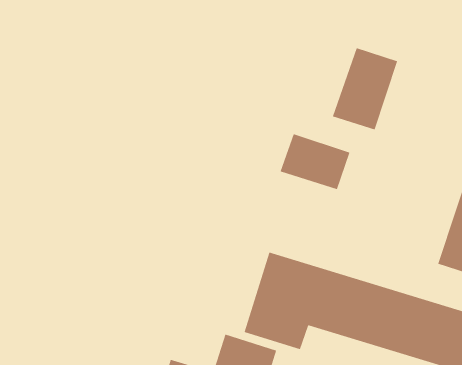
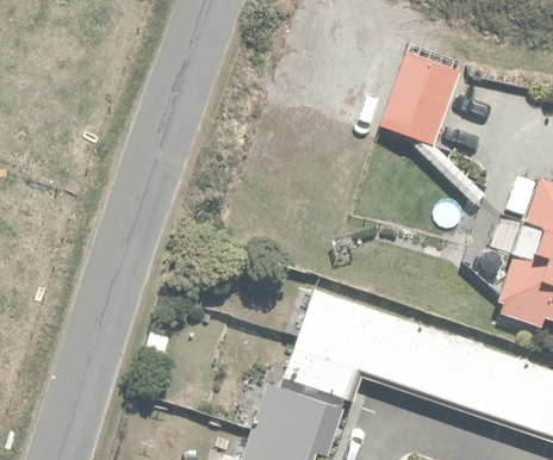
building: [279,133,351,190] -> none

